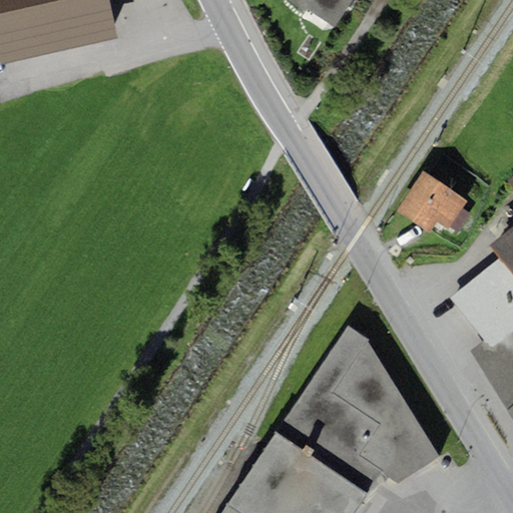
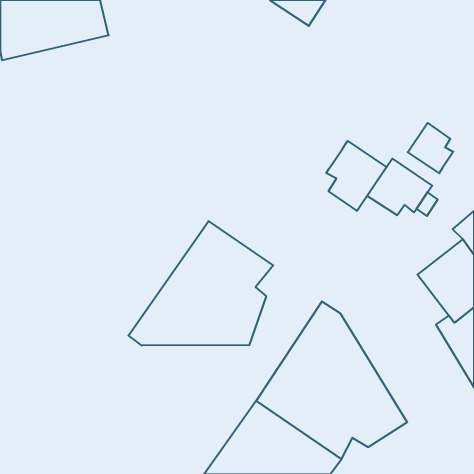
building: none -> [408,123,453,173]
building: none -> [326,141,387,211]
building: none -> [128,221,273,346]

